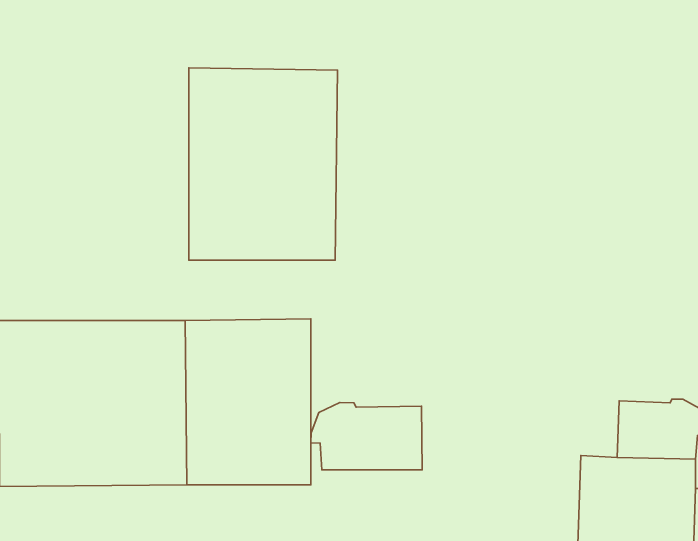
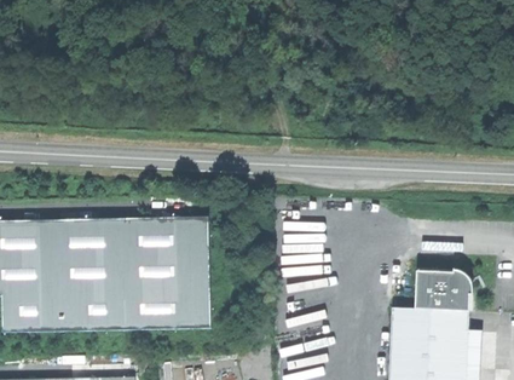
building: [189,68,337,260] -> none
building: [311,403,422,470] -> none

